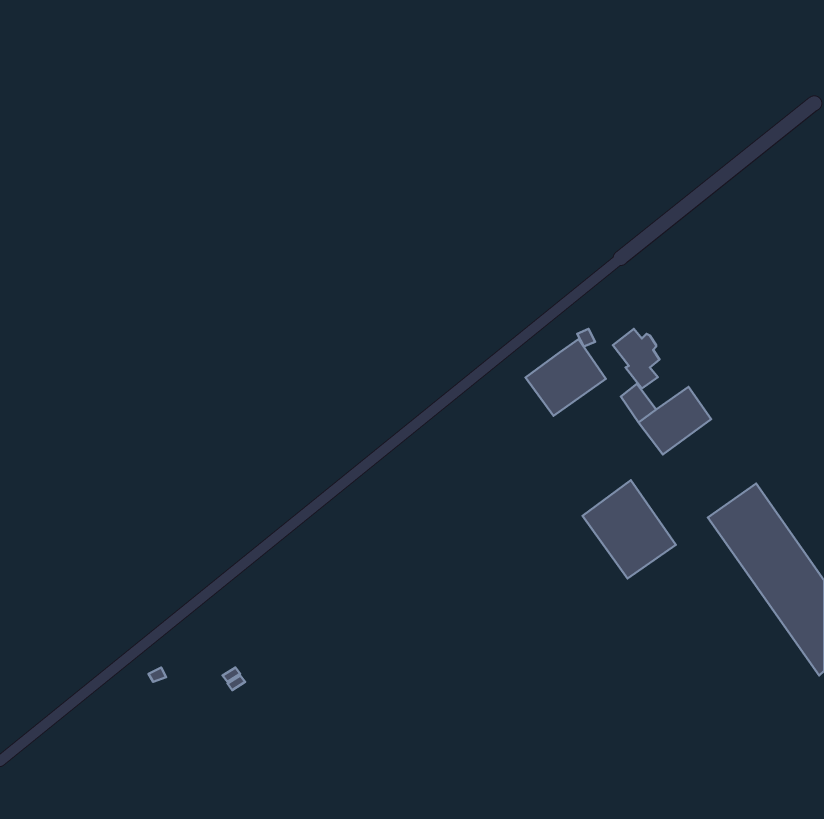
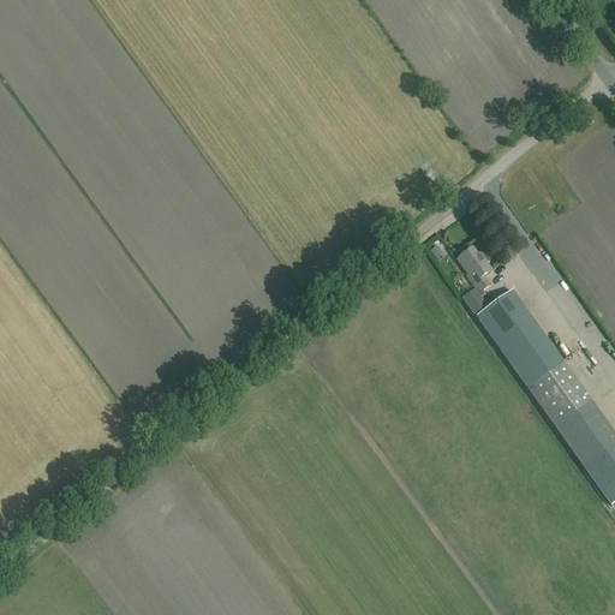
building: [526,339,606,416] -> none
building: [582,480,676,579] -> [494,312,563,386]

